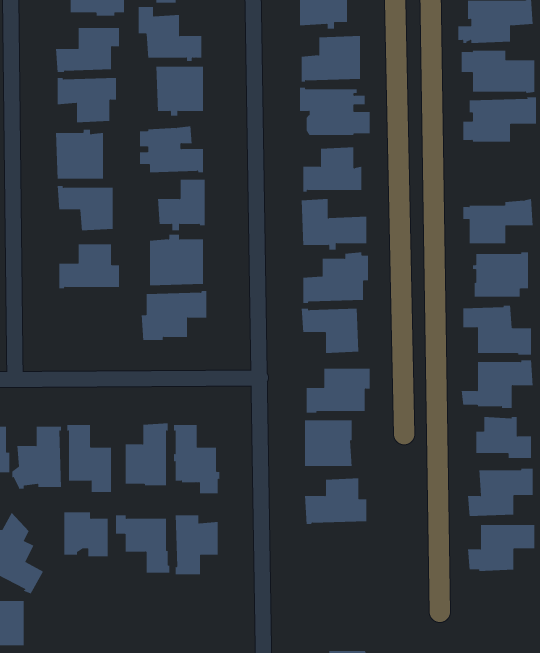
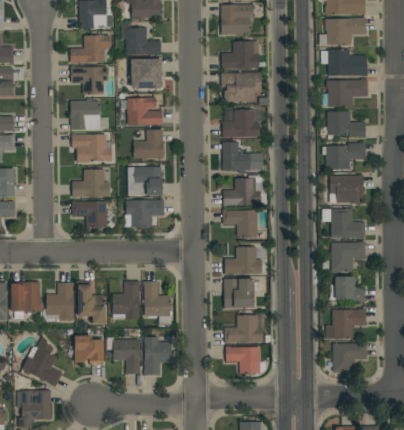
building: none -> [320,111,365,137]
building: none -> [72,200,107,227]
building: none -> [225,346,267,375]

